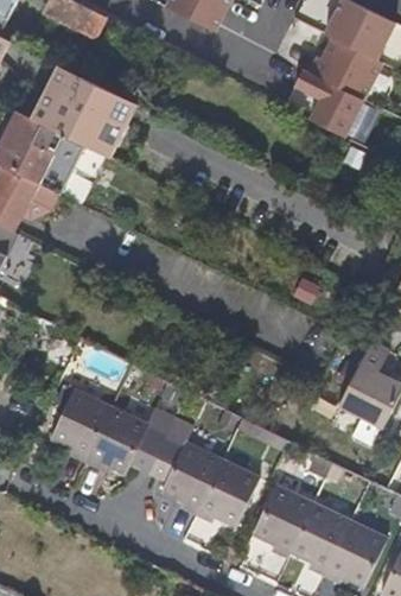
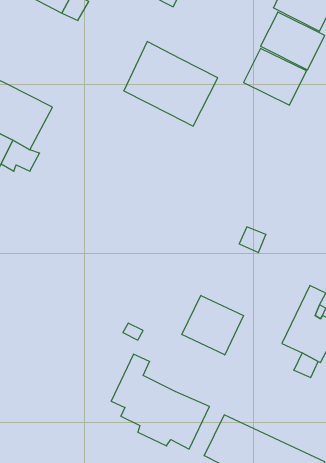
building: [31,62,135,156] -> [124,42,218,126]
building: none -> [182,295,244,355]
building: [52,388,172,471] -> none

